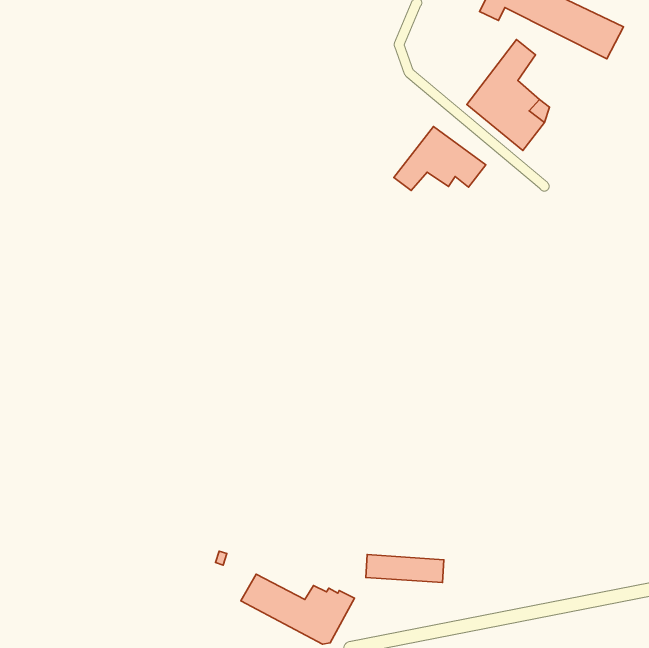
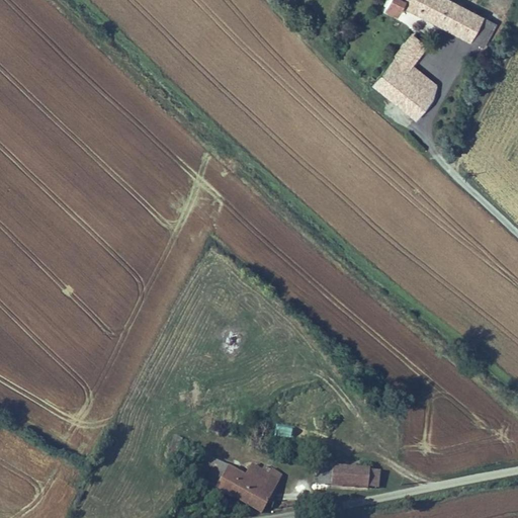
building: [394,127,486,191] -> none
building: [366,555,444,583] -> [319,466,380,489]

